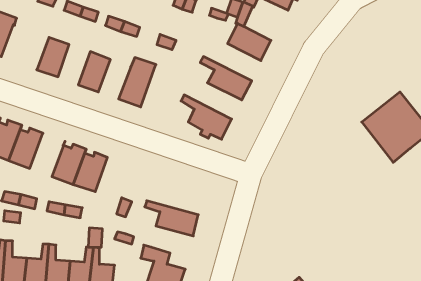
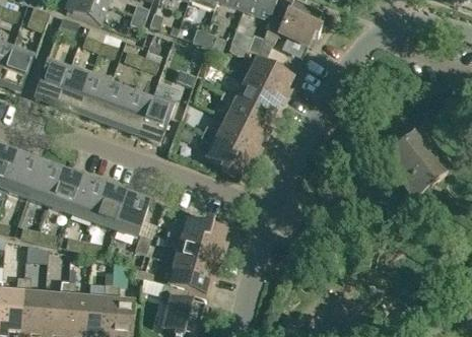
building: none -> [33,63,67,104]
building: none -> [222,77,280,115]
building: none -> [76,78,109,119]
building: none -> [117,93,149,133]
building: none -> [203,117,261,153]
building: none -> [48,167,83,211]
building: none -> [114,192,148,235]
building: none -> [165,217,223,250]
building: none -> [170,261,212,292]

